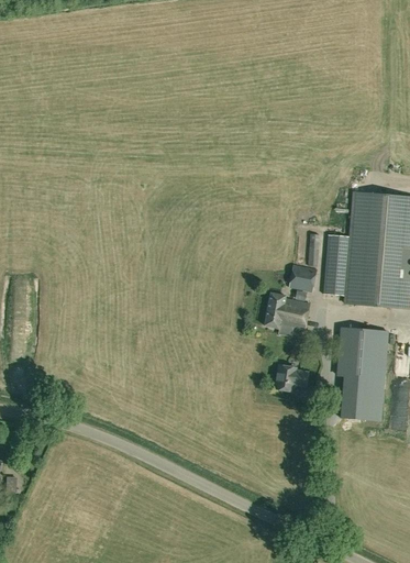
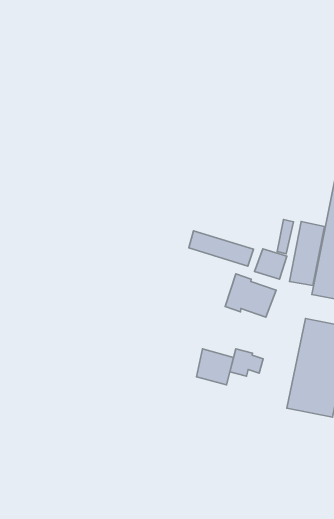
building: none -> [189,231,254,266]
building: none -> [197,349,234,385]

